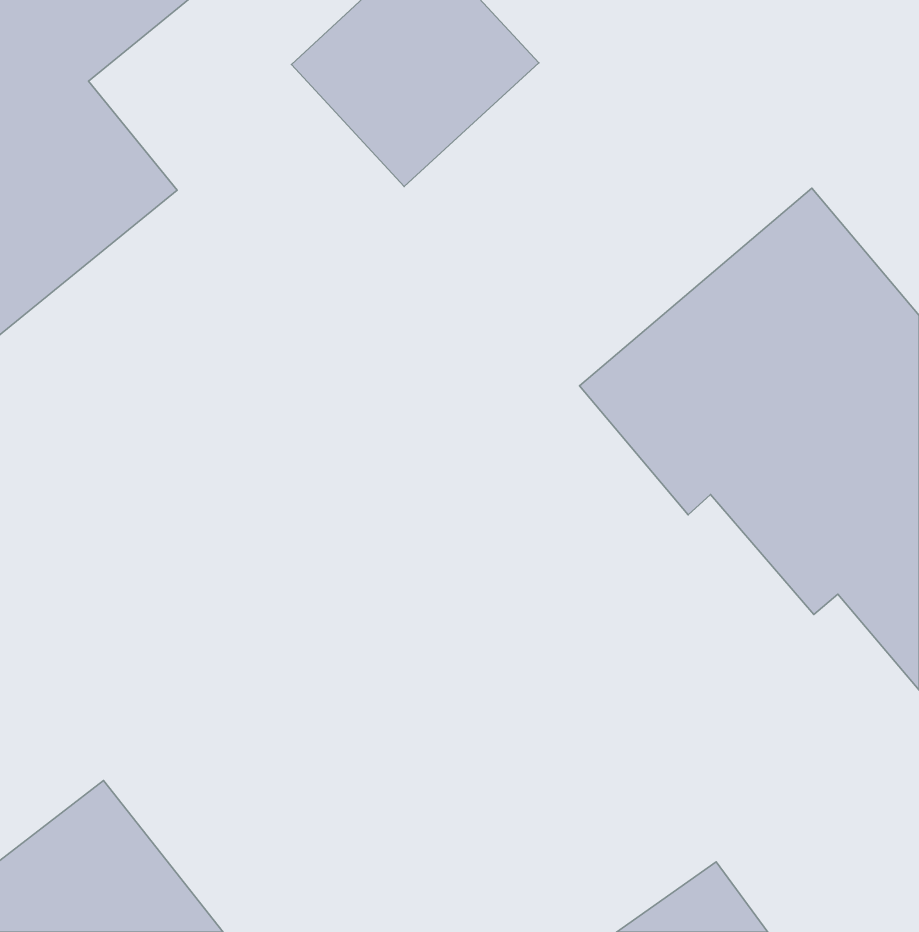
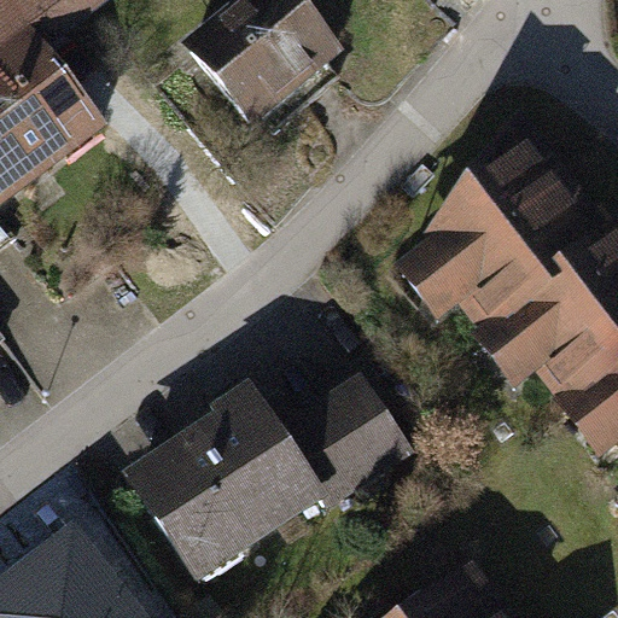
building: none -> [123,377,398,585]

